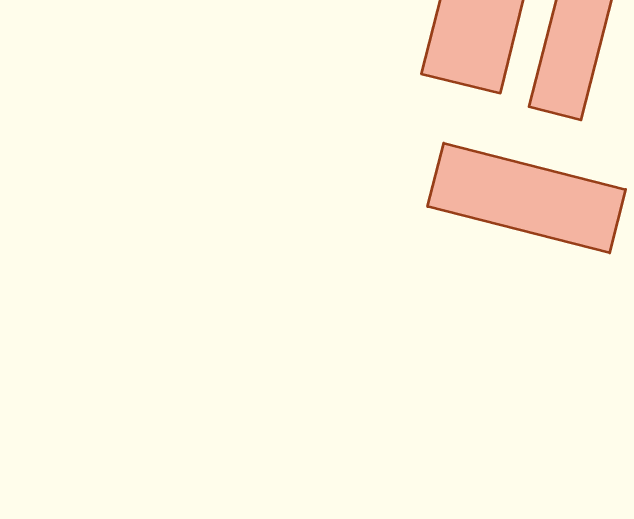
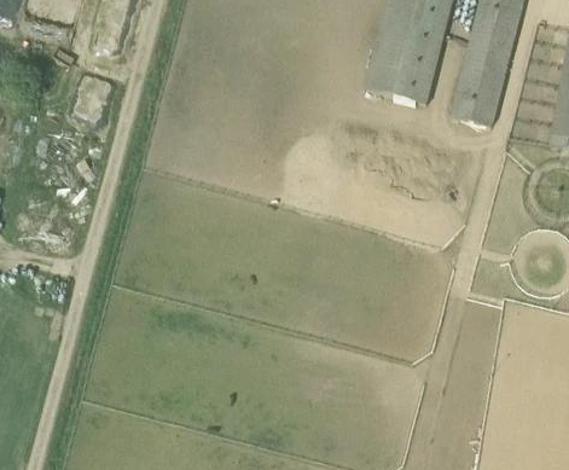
building: [428,143,626,253] -> none

